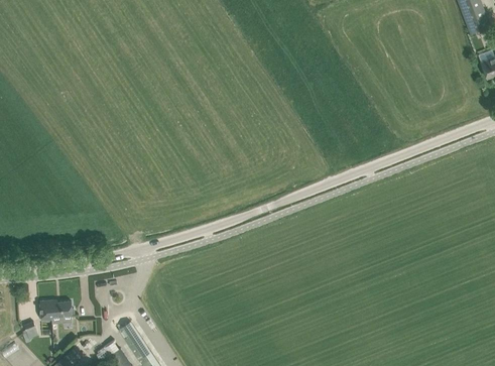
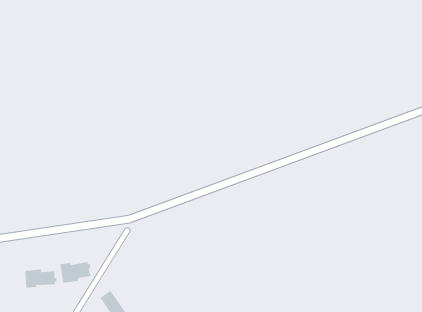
building: none -> [60,261,91,283]

